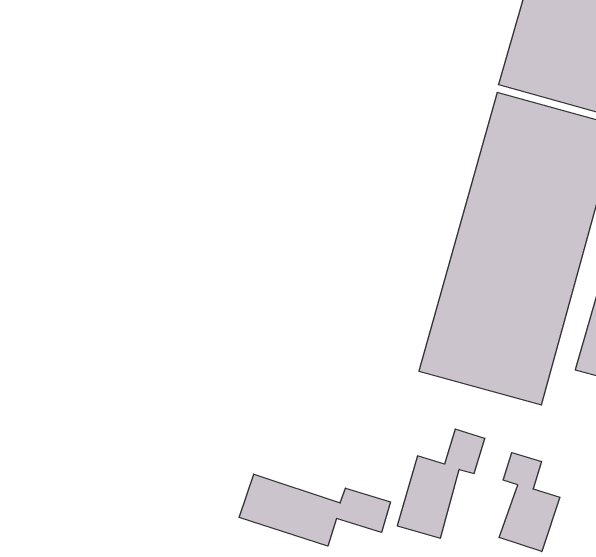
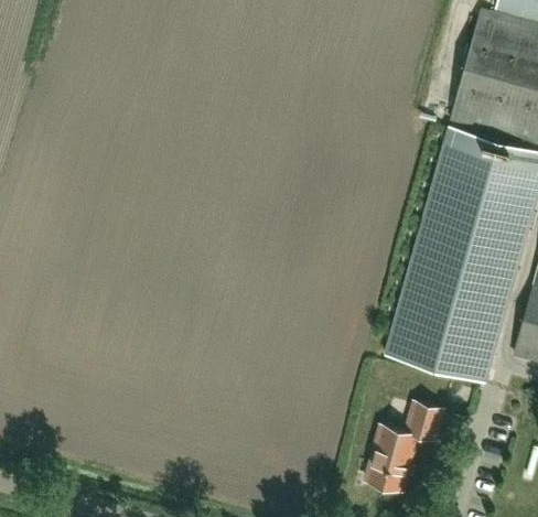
building: [499,453,560,552] -> none
building: [239,474,390,546] -> none

